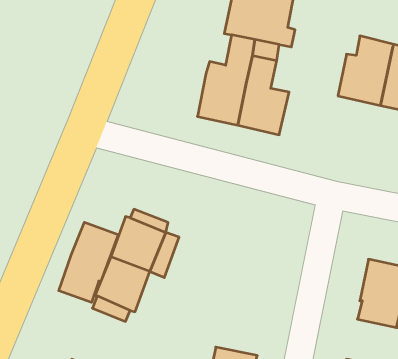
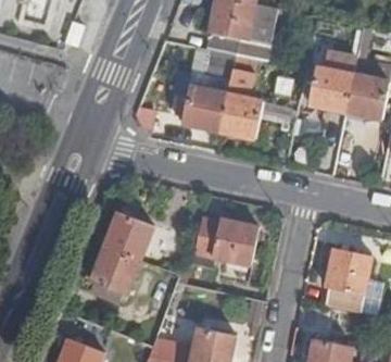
building: [59,222,118,302] -> none
building: none -> [192,219,256,283]

